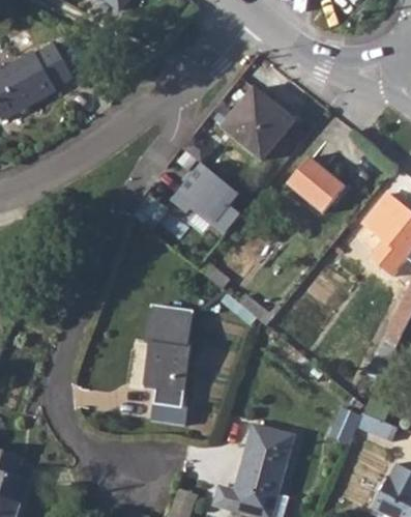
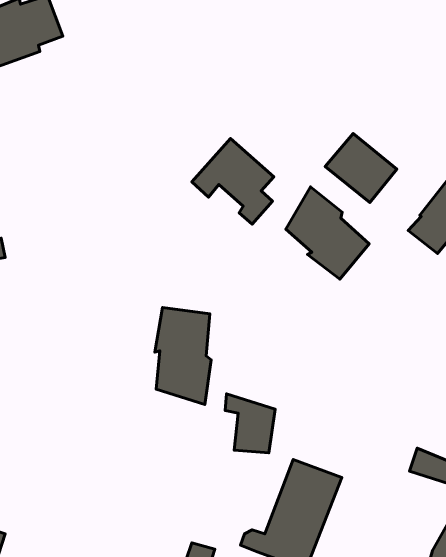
building: [229,91,294,157] -> none
building: none -> [286,187,369,279]
building: [146,367,186,414] -> [225,394,275,453]

